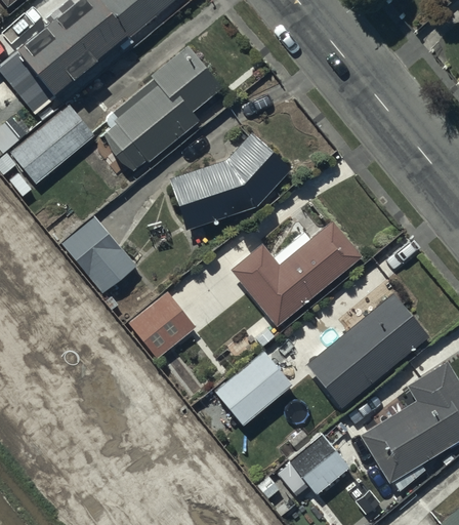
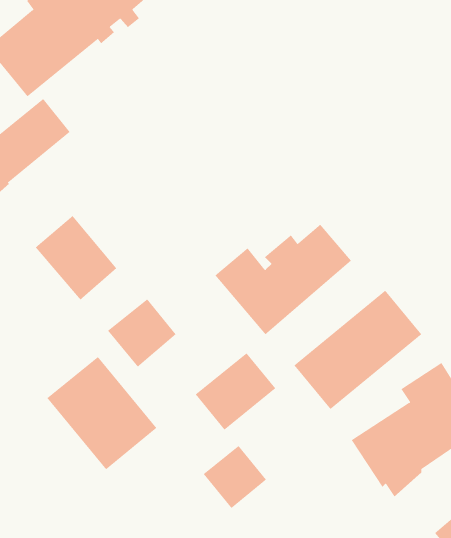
building: [100,49,221,175] -> none
building: [168,134,292,235] -> none
building: none -> [47,356,157,470]
building: [286,427,346,487] -> [203,445,267,509]

